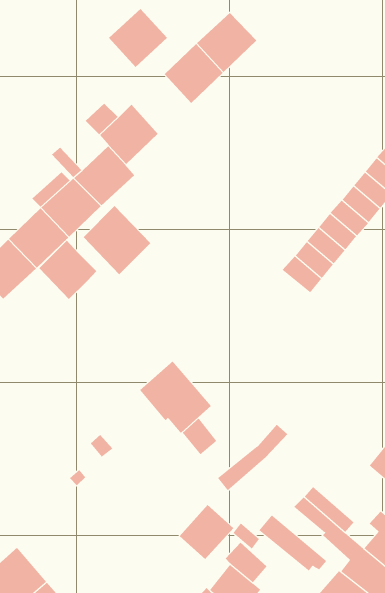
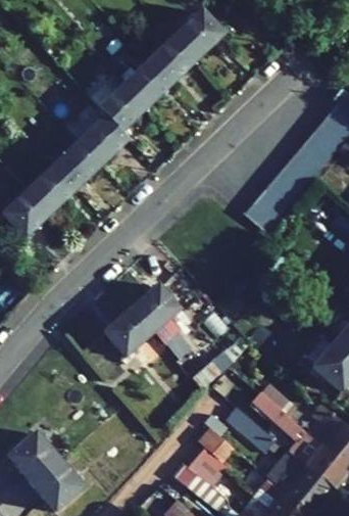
building: [108,8,168,68] -> [126,59,172,106]
building: [83,205,151,275] -> none
building: [38,240,97,300] -> none
building: none -> [104,309,152,356]
building: [179,504,234,560] -> none

